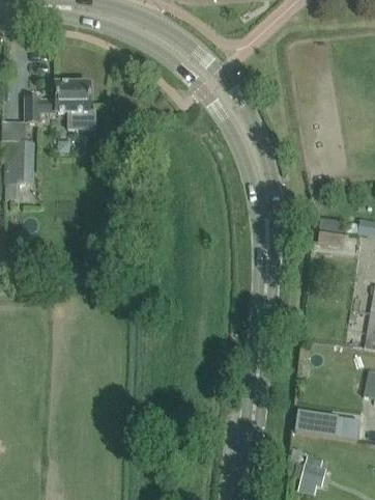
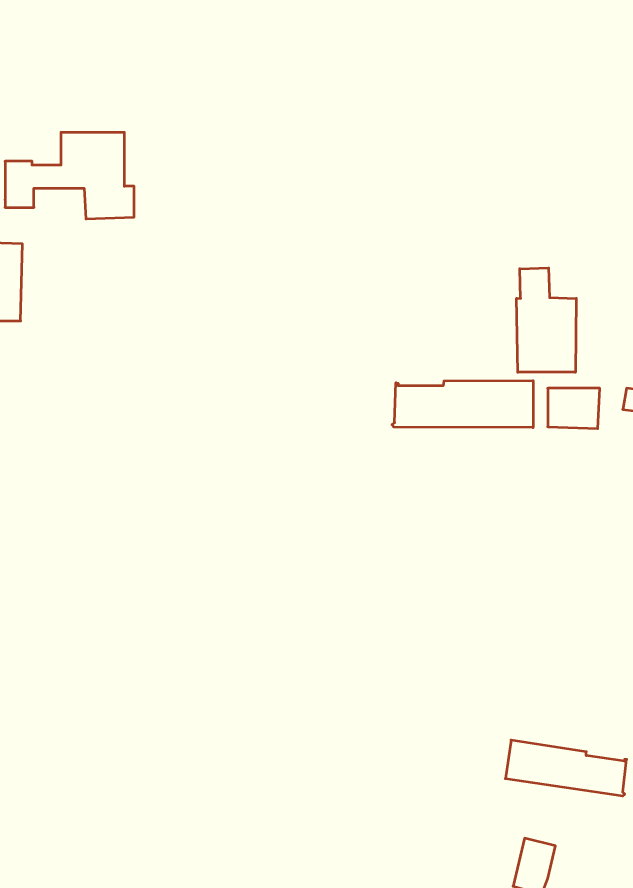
building: none -> [517,268,576,372]
building: none -> [392,381,533,428]

